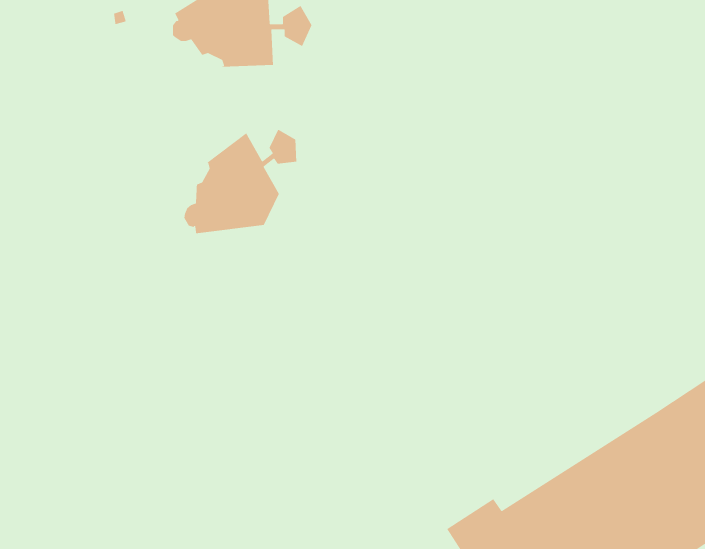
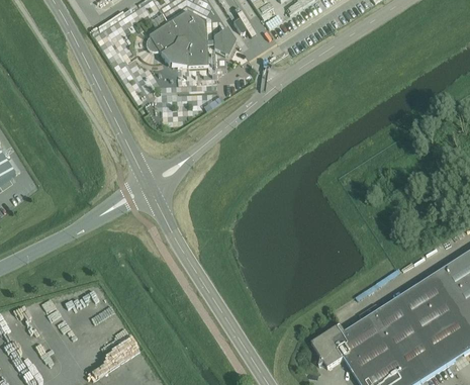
building: [183,129,297,234] -> none

